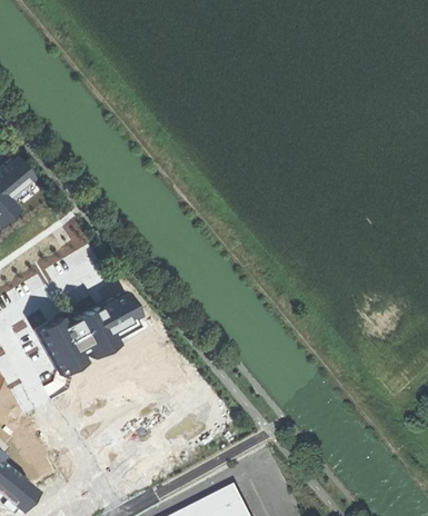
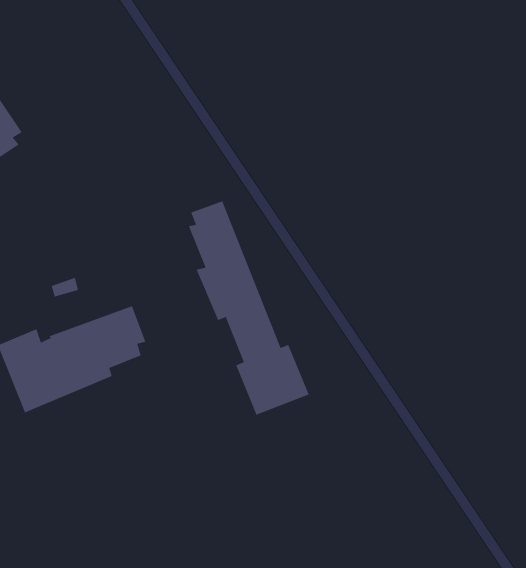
building: none -> [188,201,309,416]

